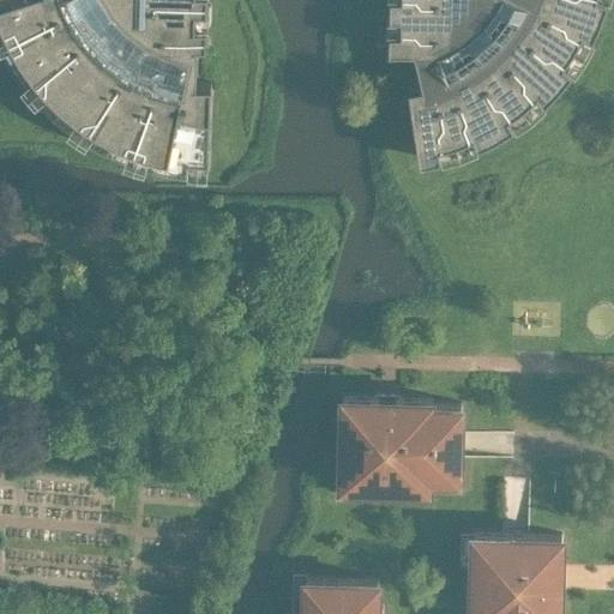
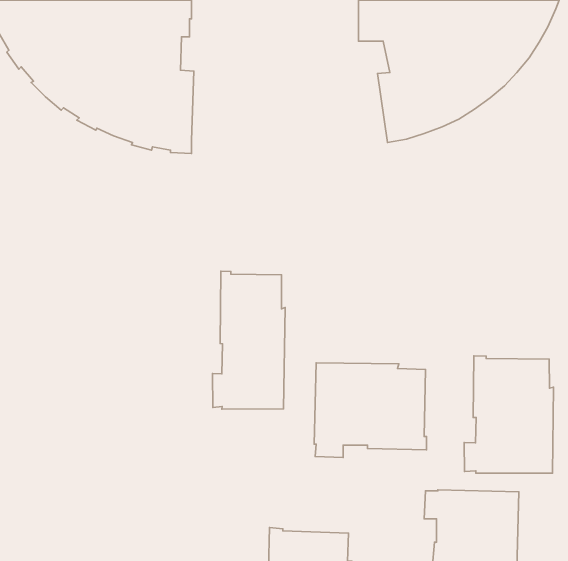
building: none -> [213,271,285,409]
building: none -> [464,356,554,473]

